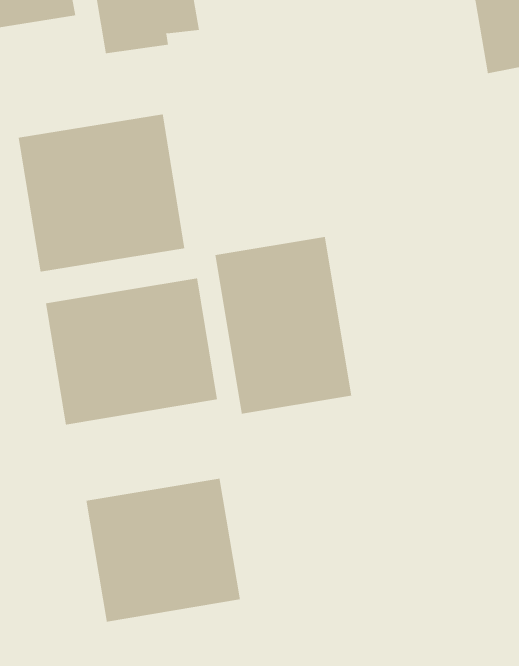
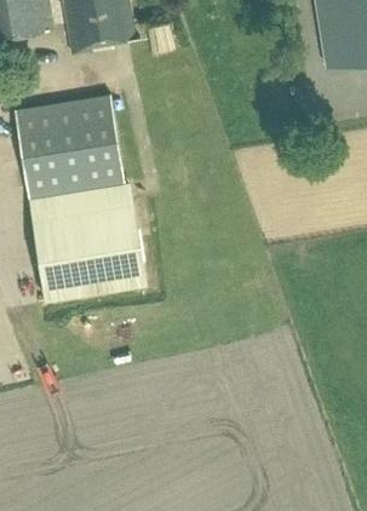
building: [215,236,352,415] -> none
building: [86,478,241,622] -> none

